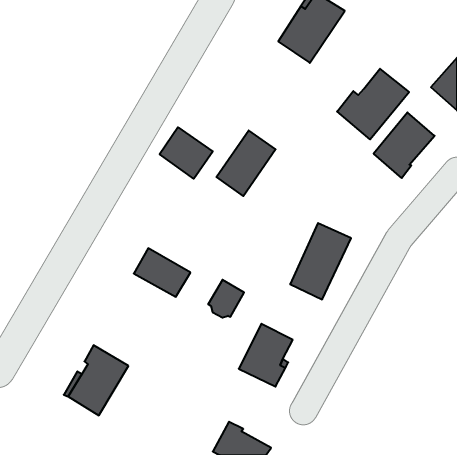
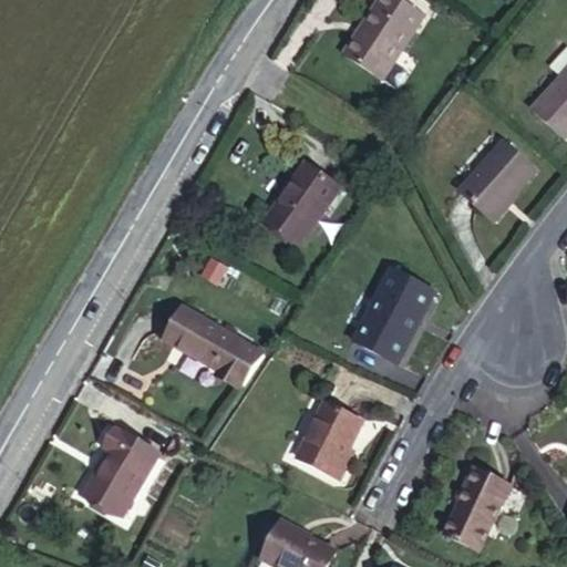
building: [337,69,409,139] -> none
building: [160,127,213,179] -> none
building: [208,280,244,318] -> [217,336,261,382]
building: none -> [443,465,512,550]

